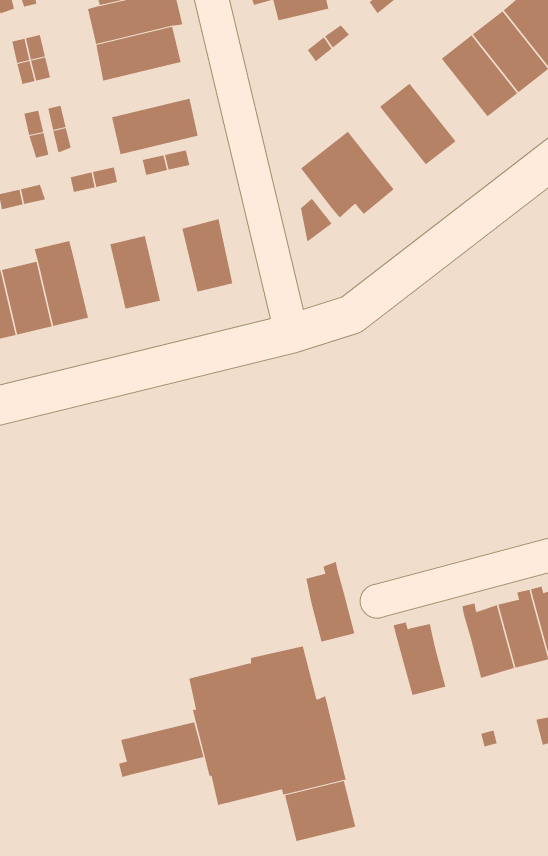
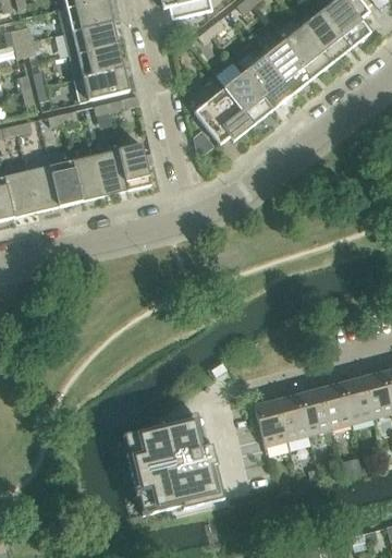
building: none -> [264,41,313,94]
building: none -> [69,44,124,78]
building: none -> [224,72,273,124]
building: none -> [96,149,128,195]
building: none -> [50,159,83,206]
building: [305,561,355,642] -> [277,389,308,440]
building: [118,721,204,778] -> none
building: [284,780,356,842] -> none

